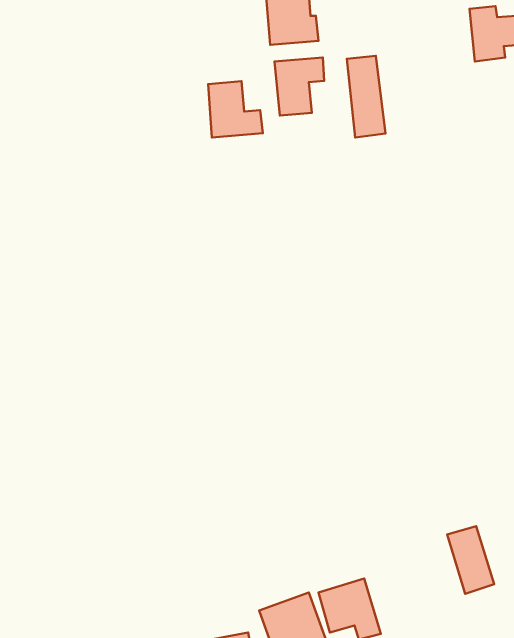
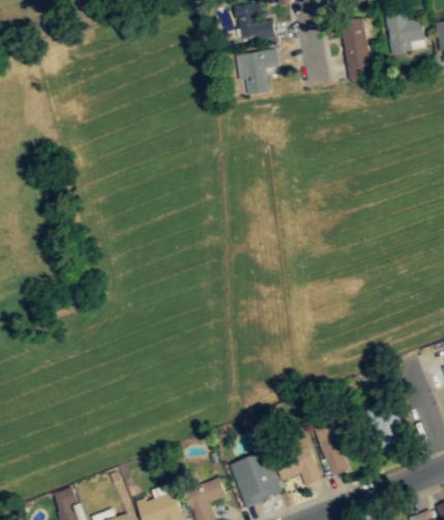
building: [347,56,386,138] -> [342,19,371,80]
building: [208,81,263,138] -> none
building: none -> [313,420,349,477]

